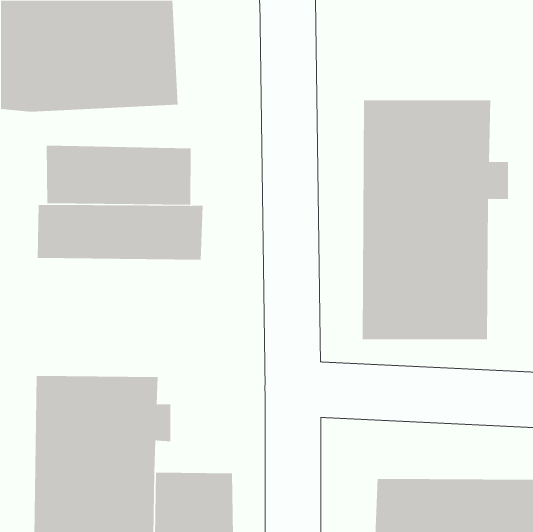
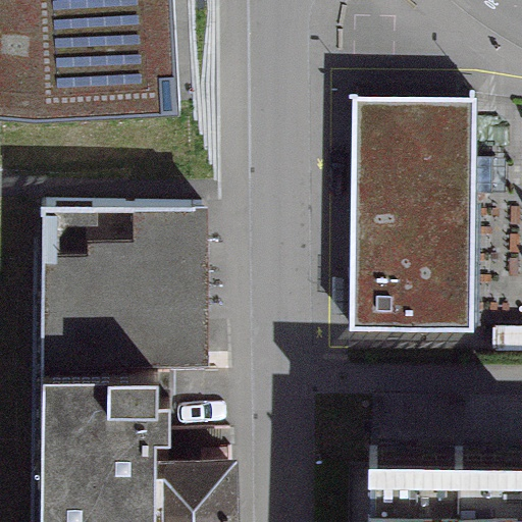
building: [46,145,191,206] -> none
building: none -> [38,255,202,357]

